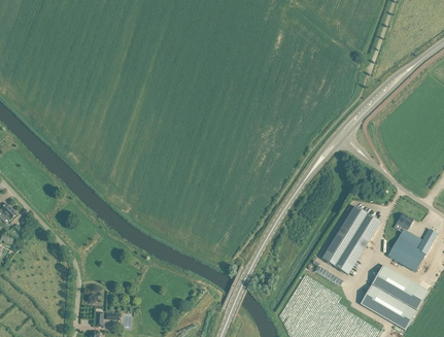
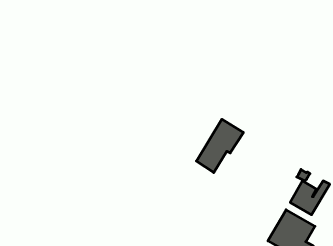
building: [321,205,380,272] -> [196,119,243,173]

